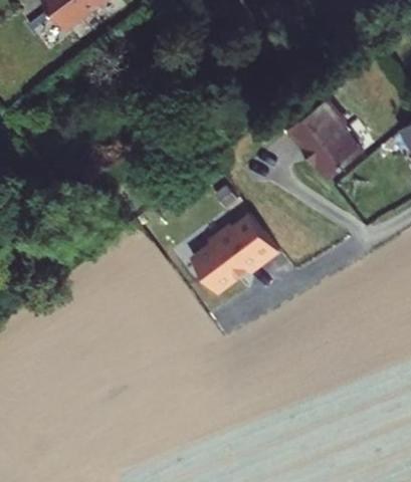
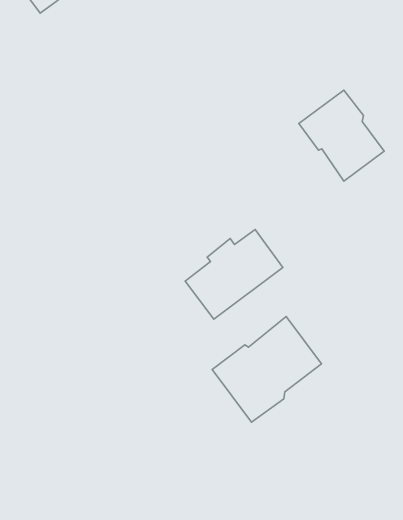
building: none -> [212,317,322,422]

